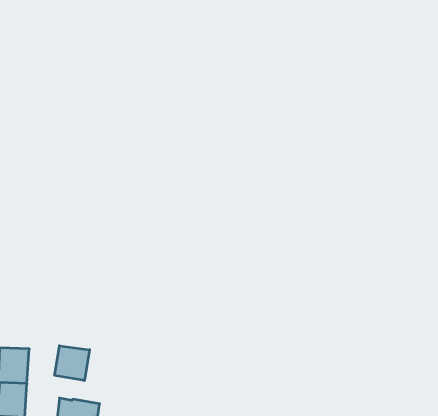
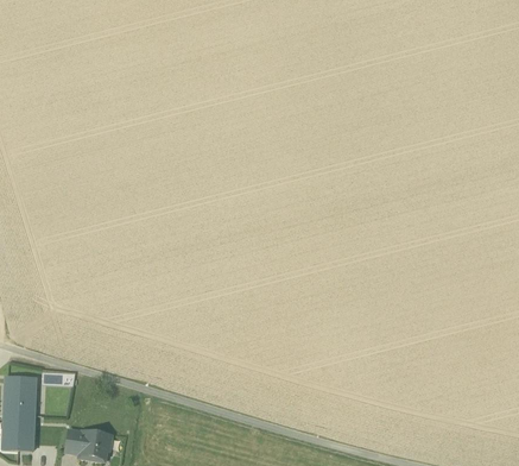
building: [55,346,90,381] -> none

